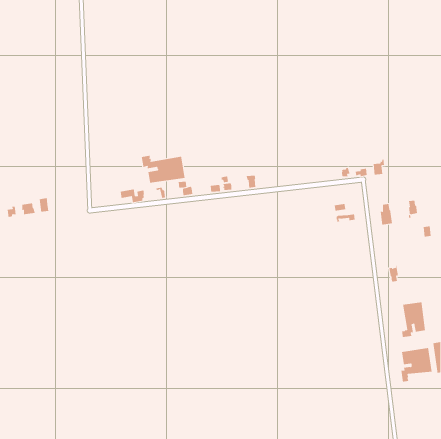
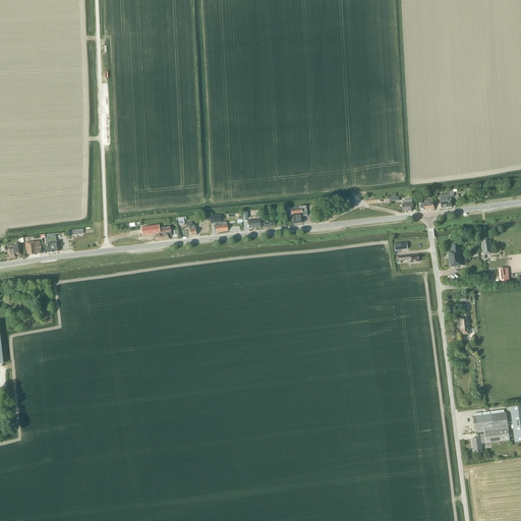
building: [141,155,185,184] -> none
building: [401,301,426,338] -> none

